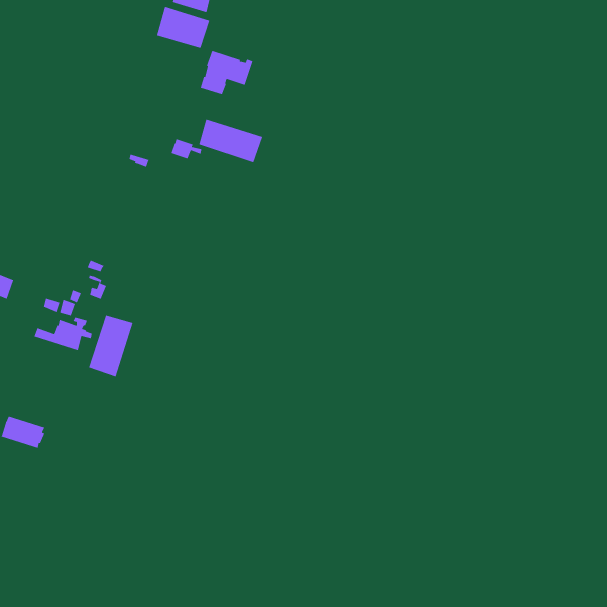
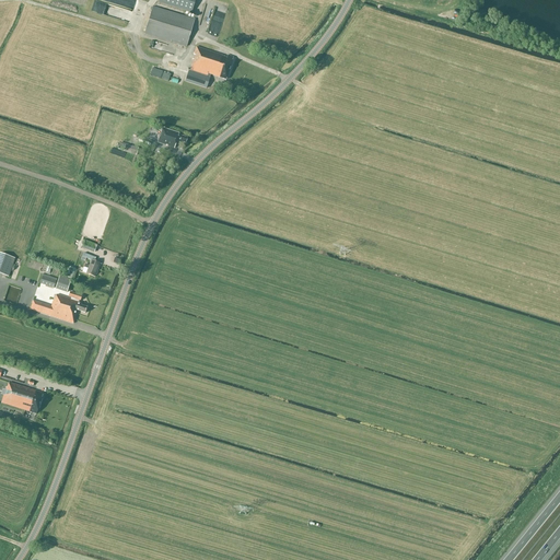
building: [198,118,263,163] -> none
building: [88,314,134,378] -> none

